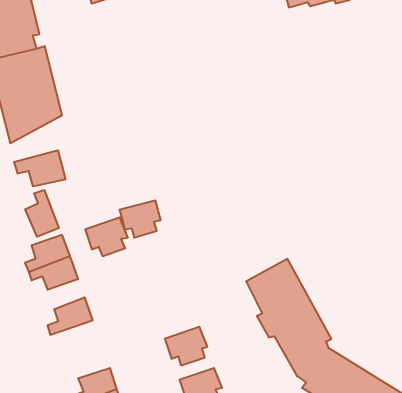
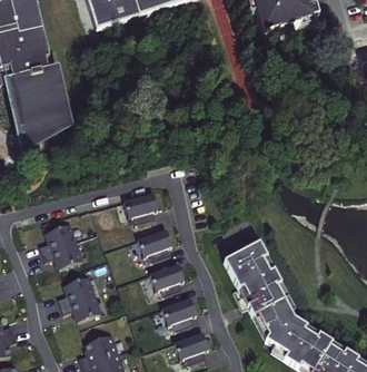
building: [14,150,65,186] -> none
building: [25,190,59,237] -> none
building: [85,217,128,256] -> [131,231,167,263]
building: none -> [143,265,178,297]
building: none -> [60,294,101,321]

